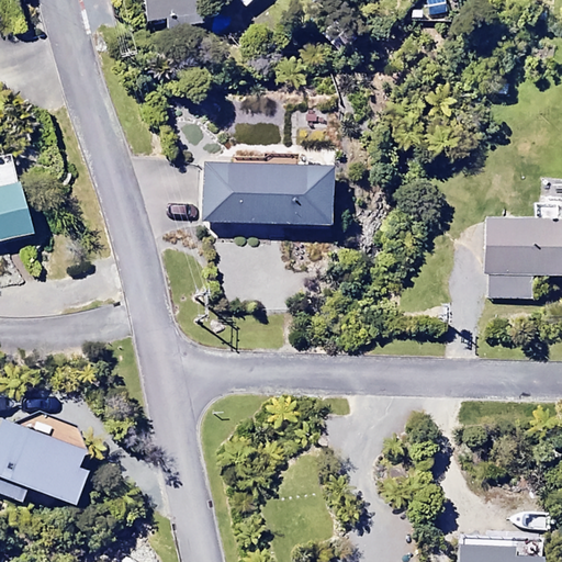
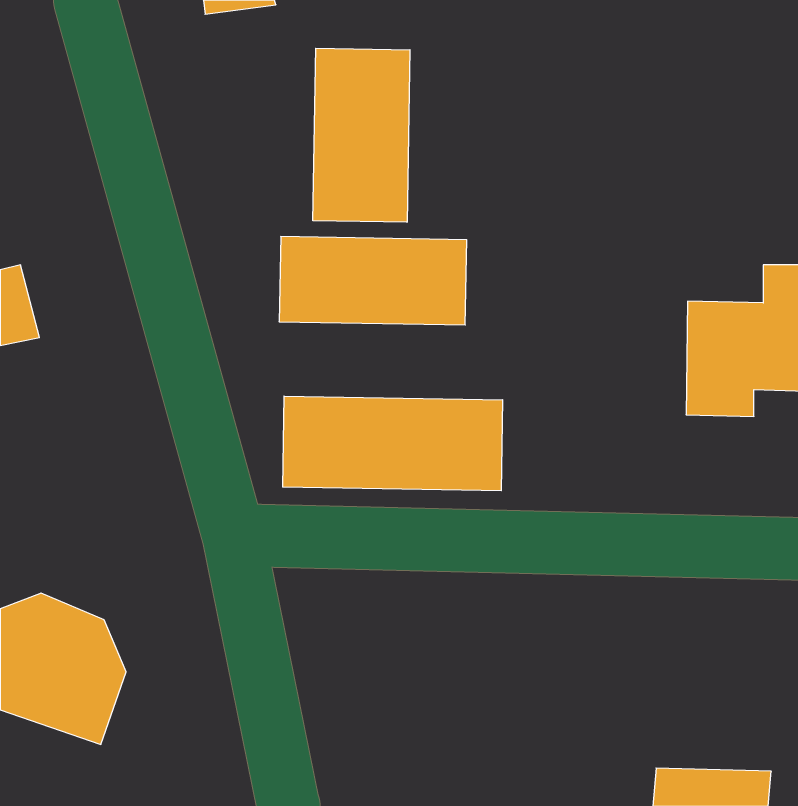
building: none -> [313,48,410,222]
building: none -> [283,396,503,491]

